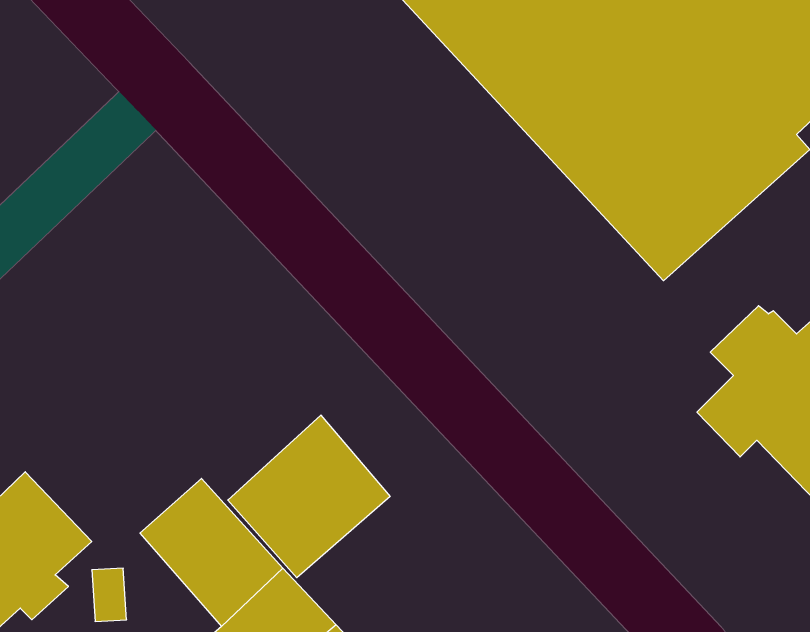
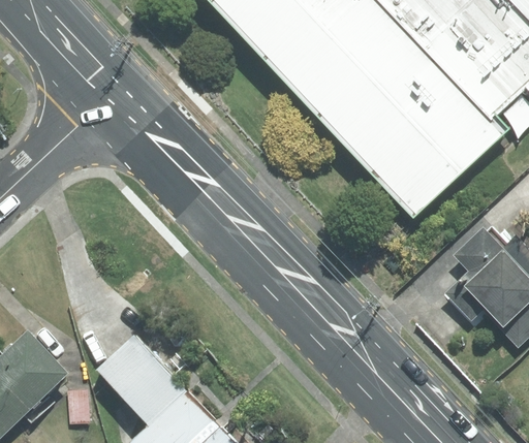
building: [228,415,390,578] -> none

